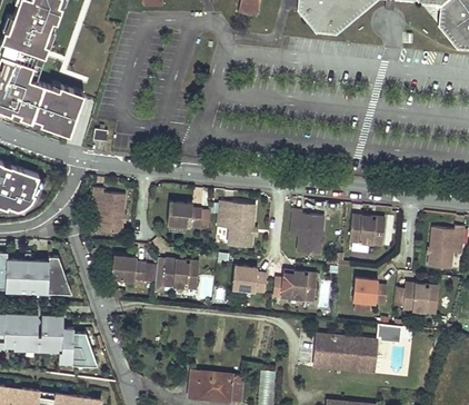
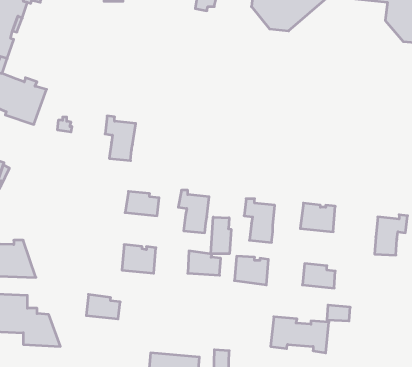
building: [93,187,126,234] -> [105,116,136,161]
building: none -> [211,217,231,254]
building: [109,257,144,283] -> [86,294,120,319]
building: [402,285,439,314] -> none

